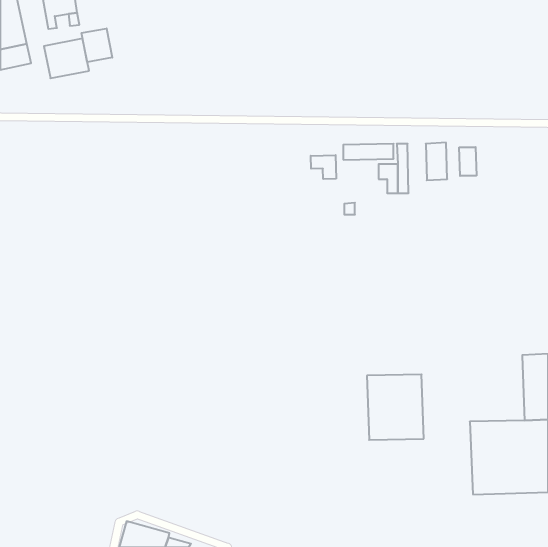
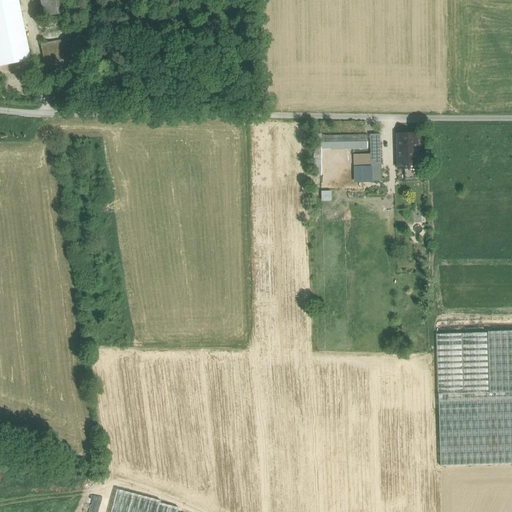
building: [82,28,112,62] -> none
building: [459,147,476,176] -> none
building: [311,155,336,179] -> none
building: [367,374,424,440] -> [436,332,489,393]

